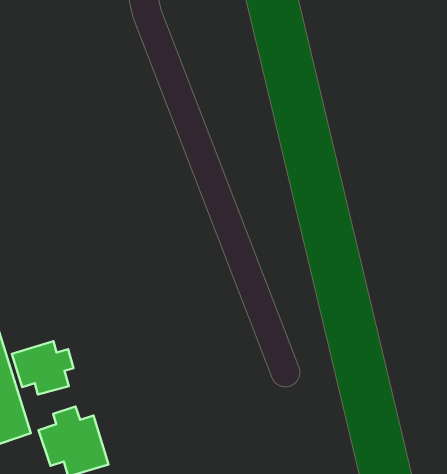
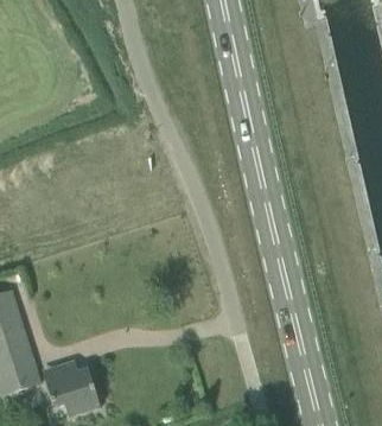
building: [12,341,73,394] -> none

